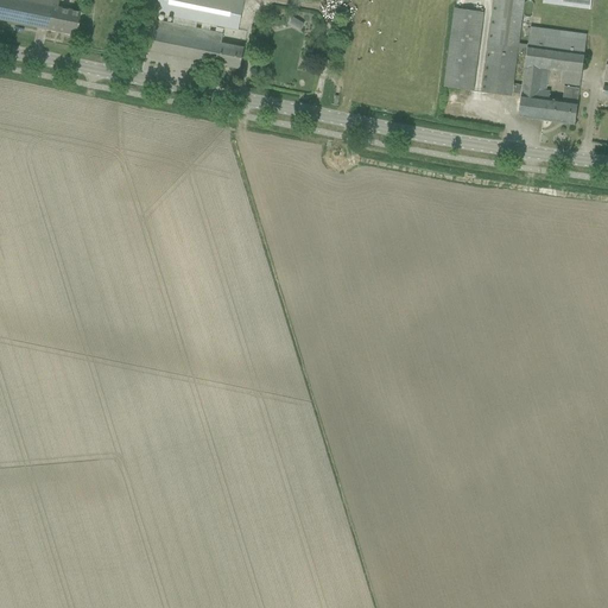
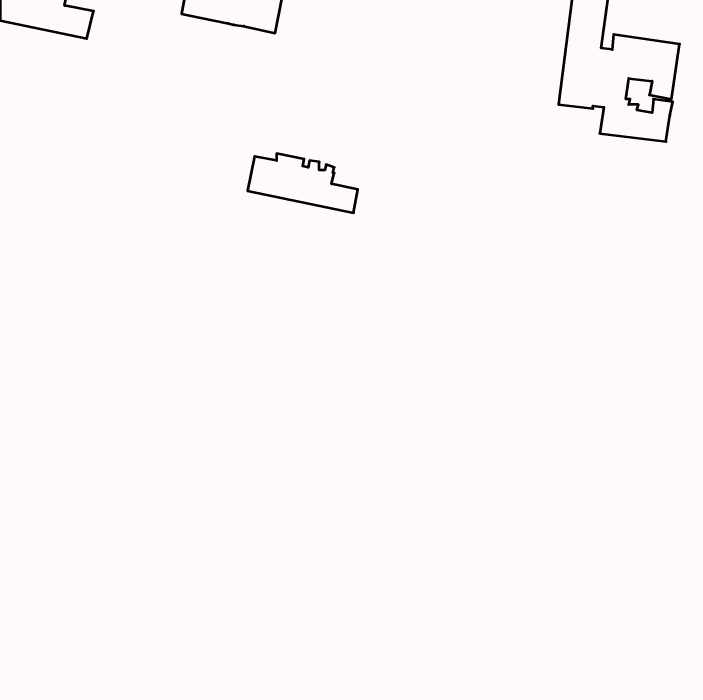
building: [444,6,484,89] -> none
building: [148,15,243,66] -> [248,154,358,213]

